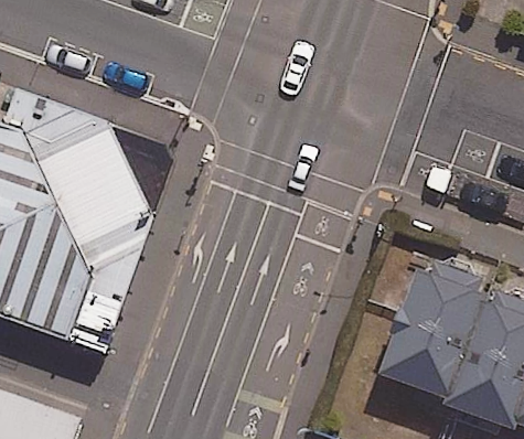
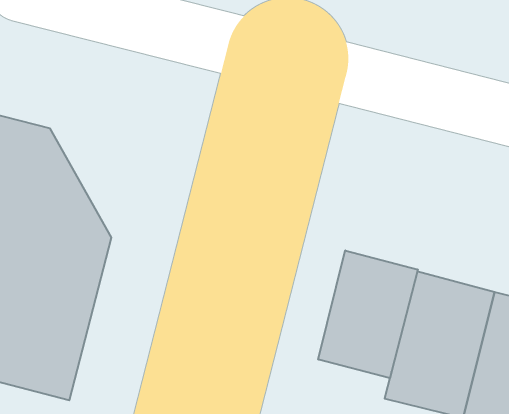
building: none -> [318,250,418,378]

